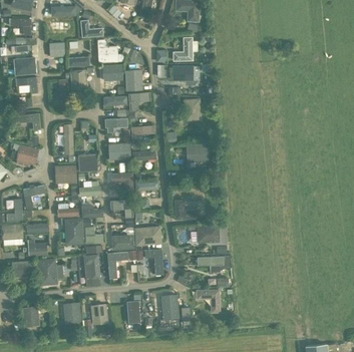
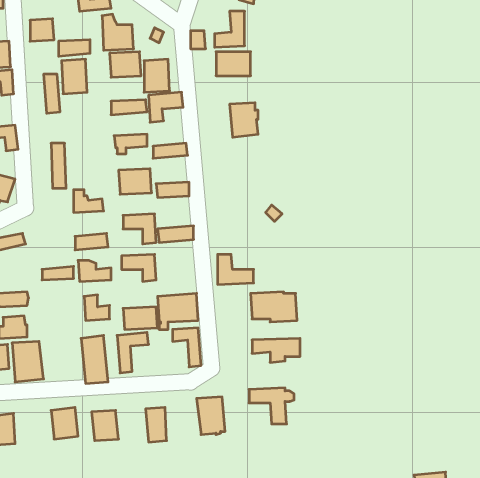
building: [185,144,209,162] -> none
building: [53,164,75,184] -> none
building: [63,218,82,245] -> none

